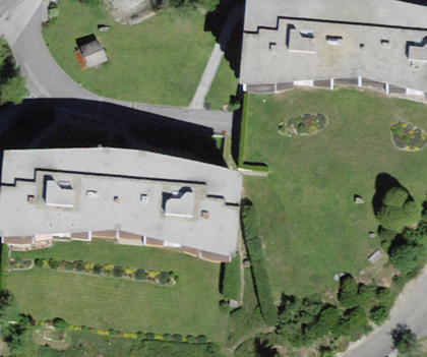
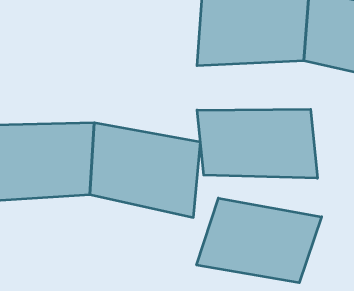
building: none -> [197,109,317,178]
building: none -> [197,198,322,283]

